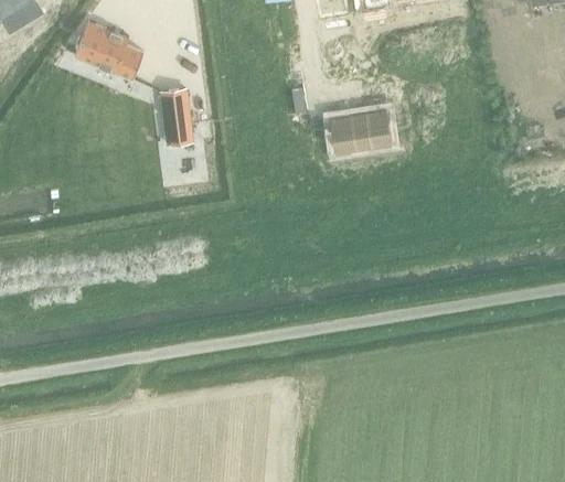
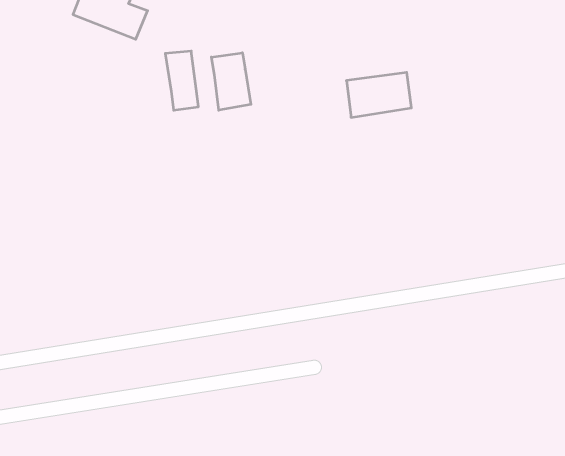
building: none -> [211,53,251,110]

